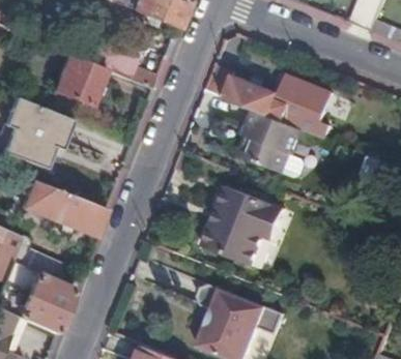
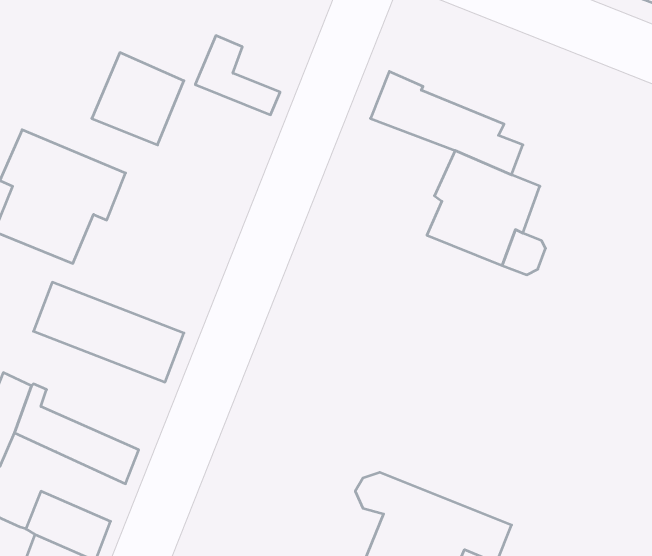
building: [279,76,336,139] -> none
building: [205,185,288,265] -> none
building: [27,274,74,312] -> none

